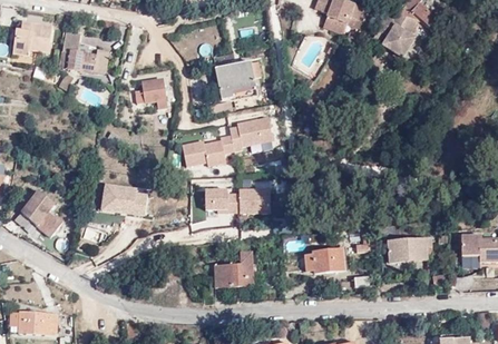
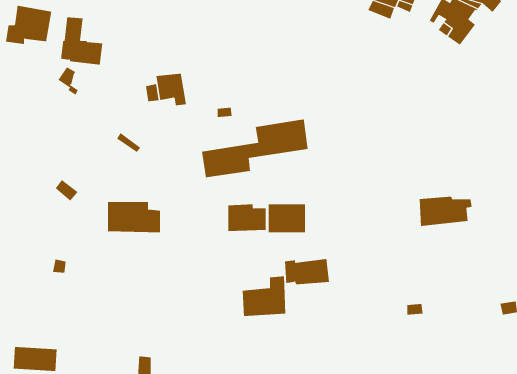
building: [215,60,262,99] -> none
building: [21,193,65,238] -> none
building: [388,236,433,262] -> [419,196,473,226]
building: [305,248,344,271] -> [284,259,330,285]

